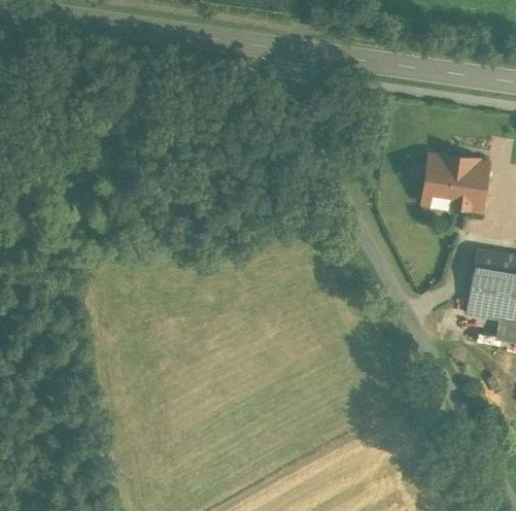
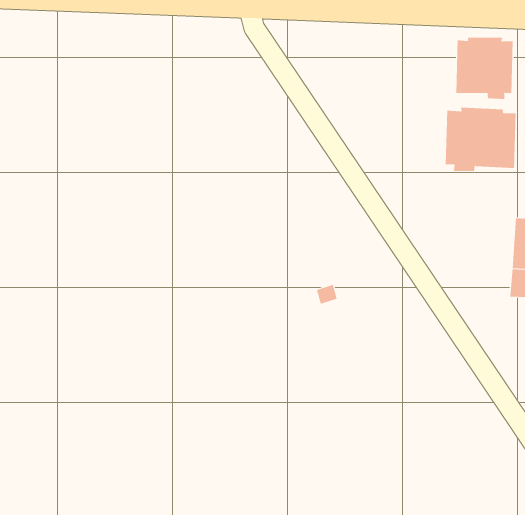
building: none -> [456,37,513,100]

